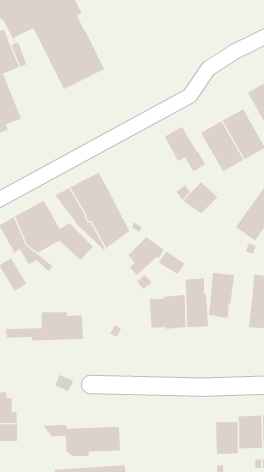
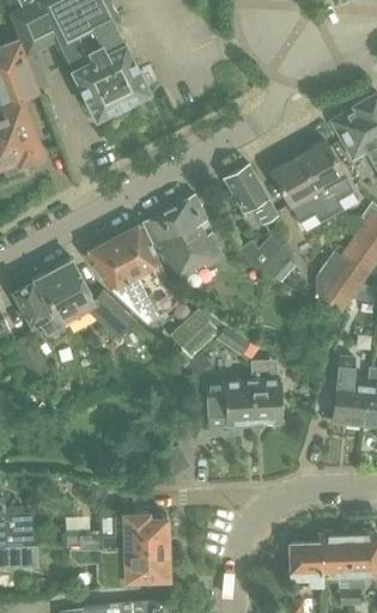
building: none -> [141,195,223,281]
building: [208,272,235,319] -> none
building: [5,312,84,341] -> [67,514,168,551]

